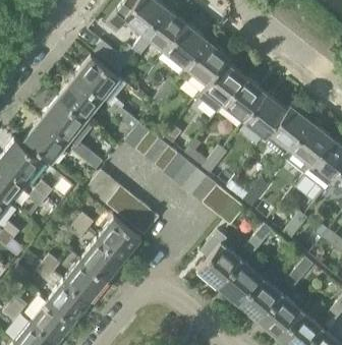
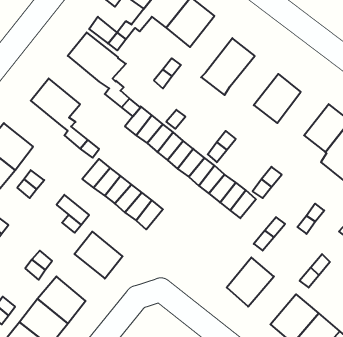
building: [179,42,229,94] -> none
building: [57,78,103,122] -> none
building: [222,78,266,123] -> none
building: [265,106,311,157] -> none
building: [24,119,69,162] -> none
building: [97,217,141,261] -> none
building: [197,233,241,289] -> none
building: [64,258,108,301] -> none
building: [238,279,282,323] -> none

